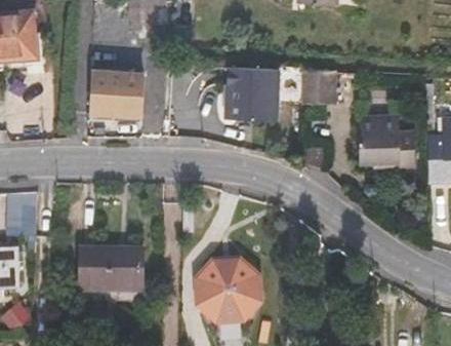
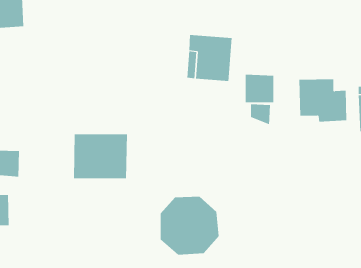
building: [88,70,140,115] -> none
building: [301,70,336,104] -> [245,74,274,103]
building: [77,247,141,301] -> [73,134,128,179]

